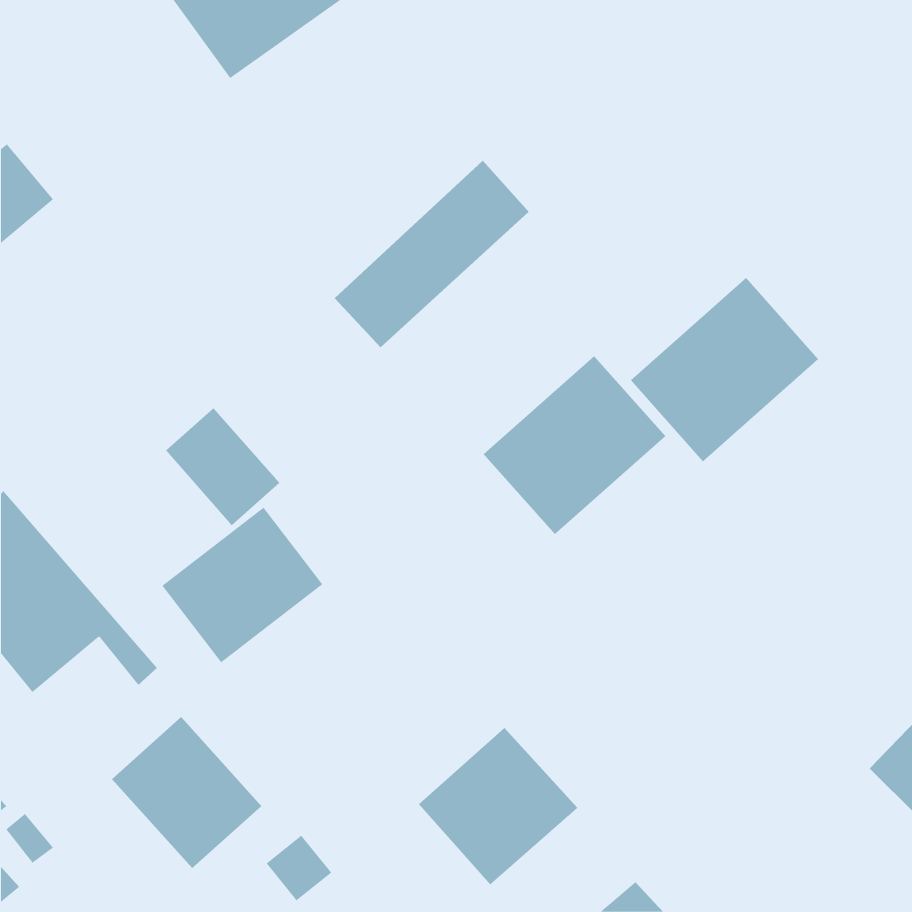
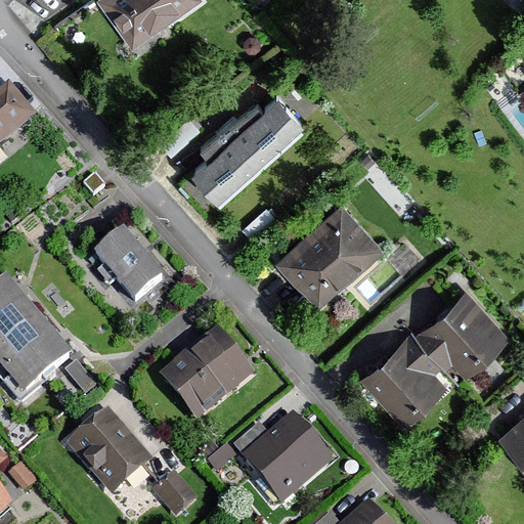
building: [630,277,819,462] -> none
building: [162,507,323,663] -> [161,331,253,420]
building: none -> [359,290,510,424]

